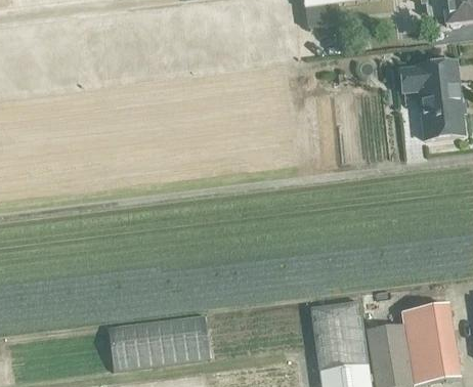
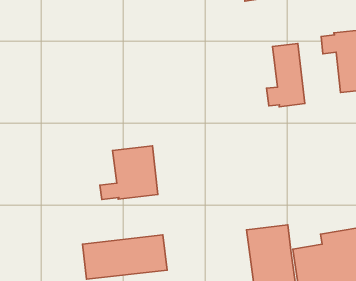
building: none -> [267,43,305,107]
building: none -> [100,146,158,199]

